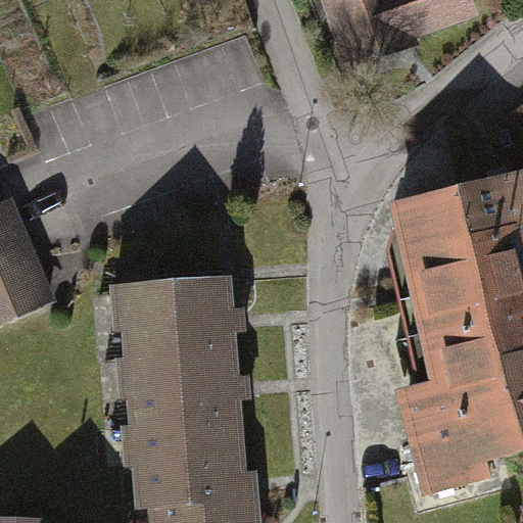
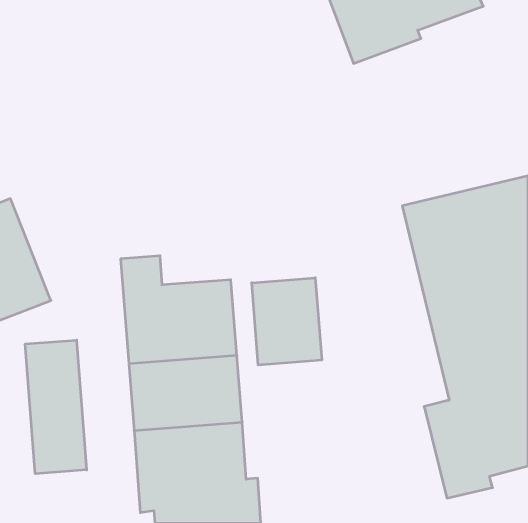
building: none -> [252,278,322,365]
building: none -> [25,340,87,474]

